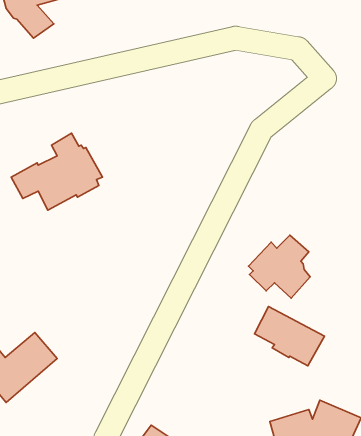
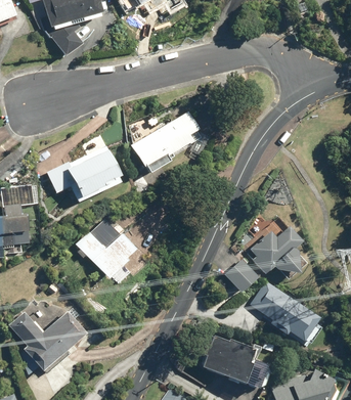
building: none -> [133,110,200,173]
building: none -> [76,224,138,278]
building: none -> [223,258,257,292]
building: none -> [201,332,268,385]

